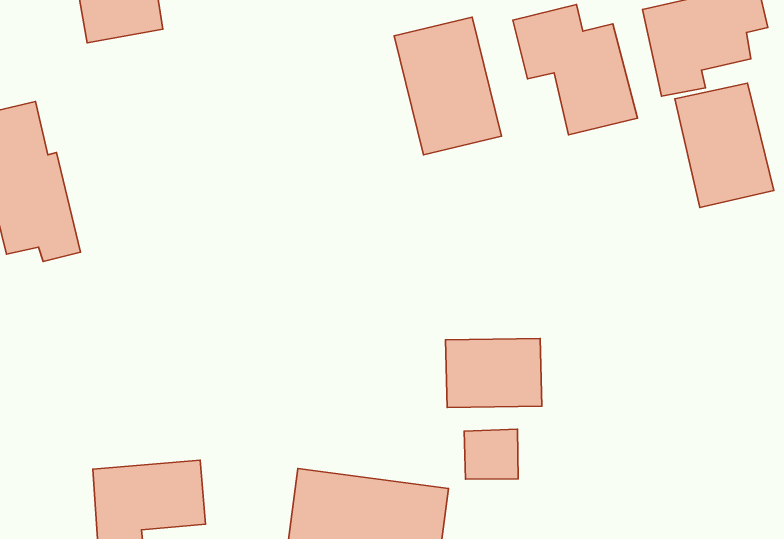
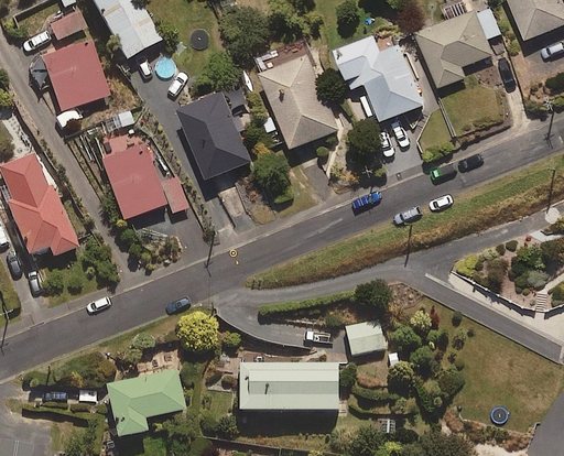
building: none -> [175,90,252,180]
building: [675,83,774,207] -> none
building: none -> [101,144,186,220]
building: [445,338,542,408] -> none

